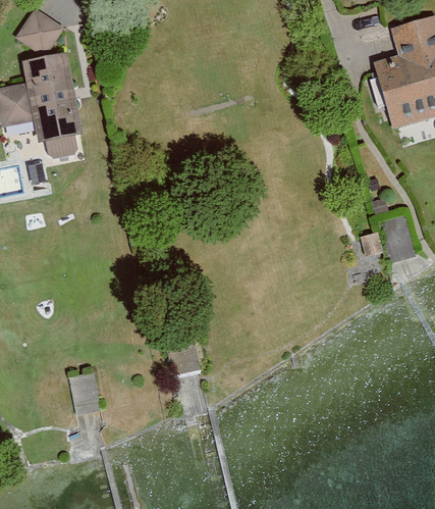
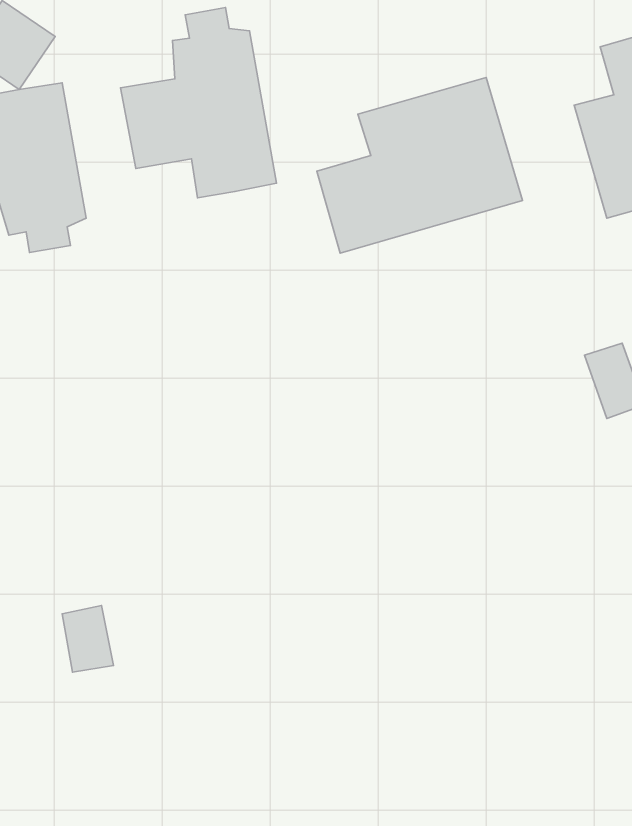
building: none -> [121,7,277,198]
building: none -> [317,77,522,253]

